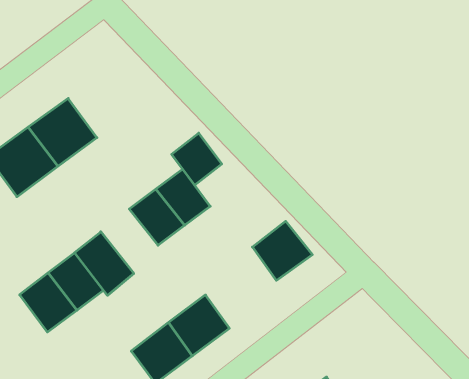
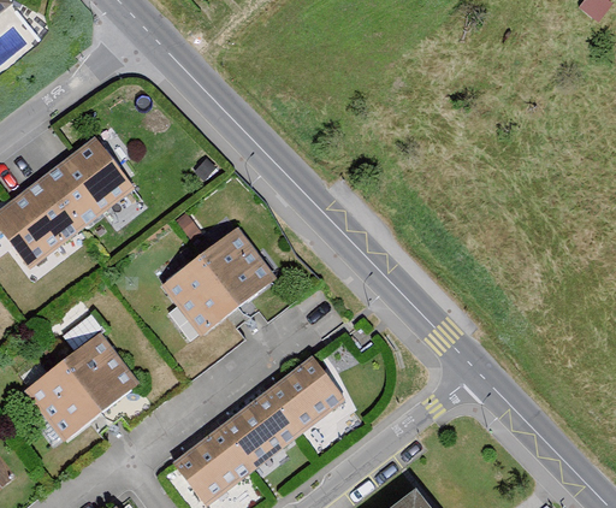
building: [172,133,222,185] -> none
building: [252,221,312,280] -> [266,358,342,432]
building: [75,232,134,295] -> none

